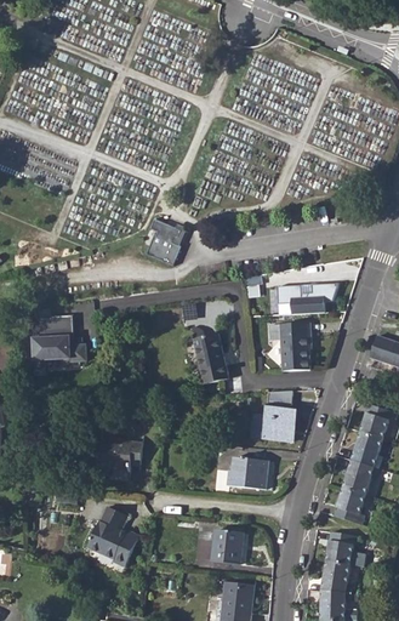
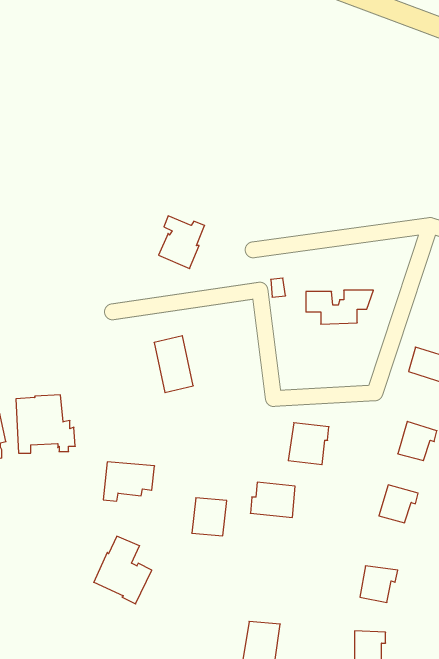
building: [32,314,85,366] -> [16,395,75,453]
building: [279,324,309,371] -> none
building: [192,332,227,383] -> [154,336,193,393]
building: [350,432,382,467] -> none
building: [334,488,365,524] -> none
building: [211,530,243,564] -> [192,498,227,536]
building: [320,560,350,592] -> none

